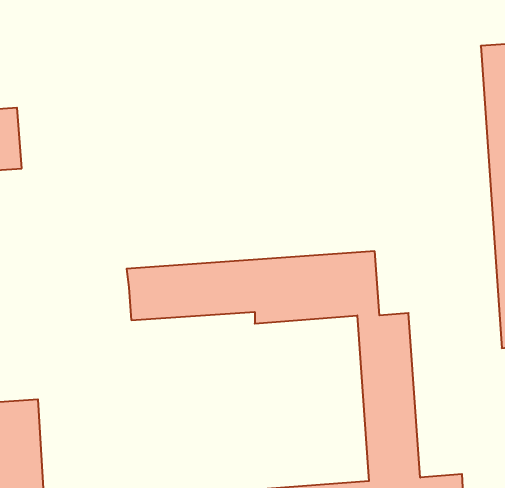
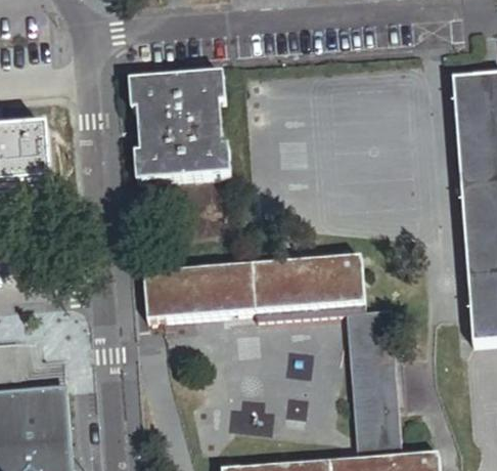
building: none -> [130,72,230,177]

